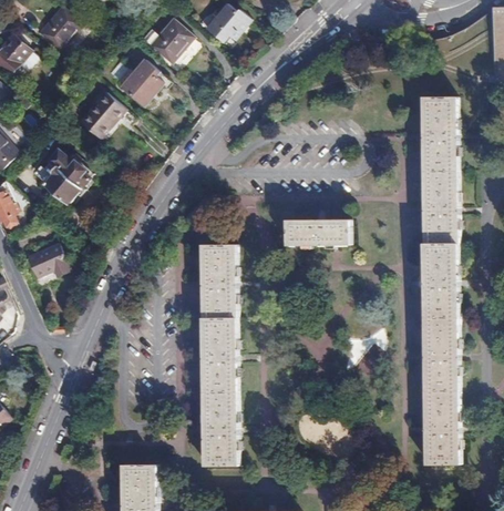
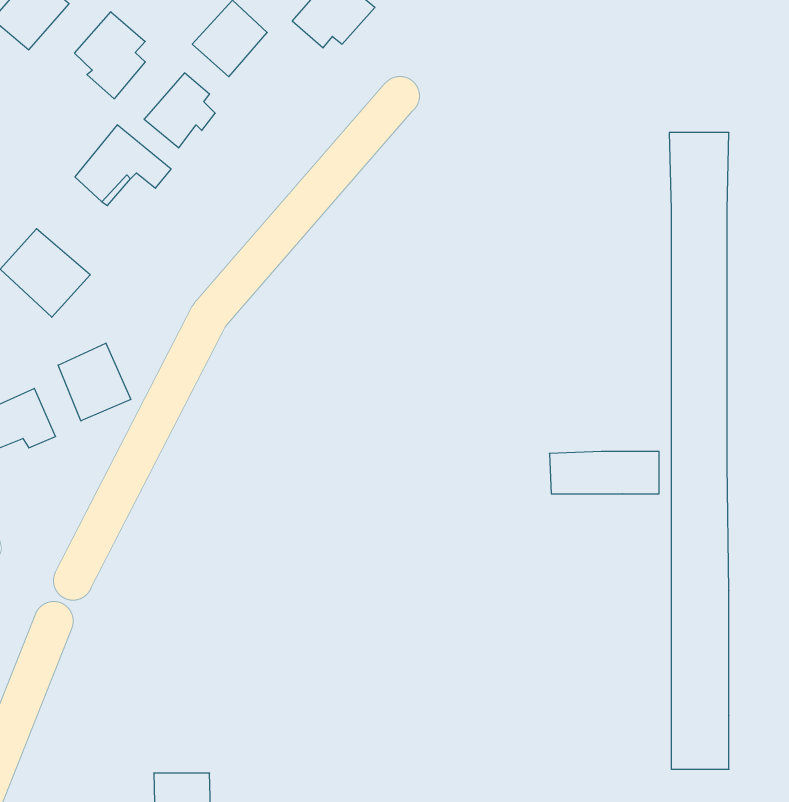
building: none -> [75,12,145,99]
building: none -> [58,343,131,421]
building: [284,218,347,243] -> [549,451,659,494]
building: [204,244,234,463] -> none

